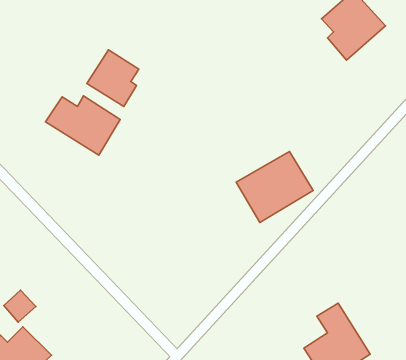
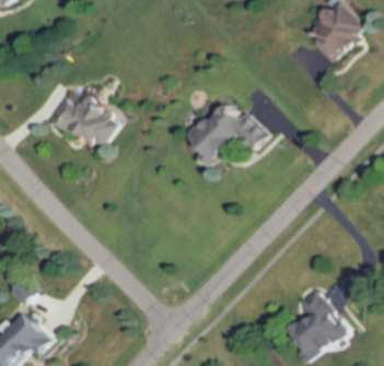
building: [87,50,139,107] -> none
building: [236,151,313,222] -> [190,98,261,164]

